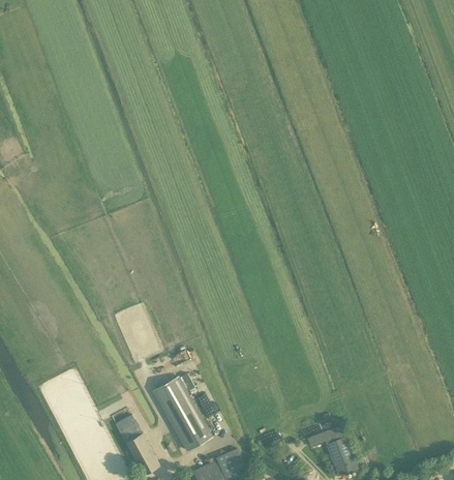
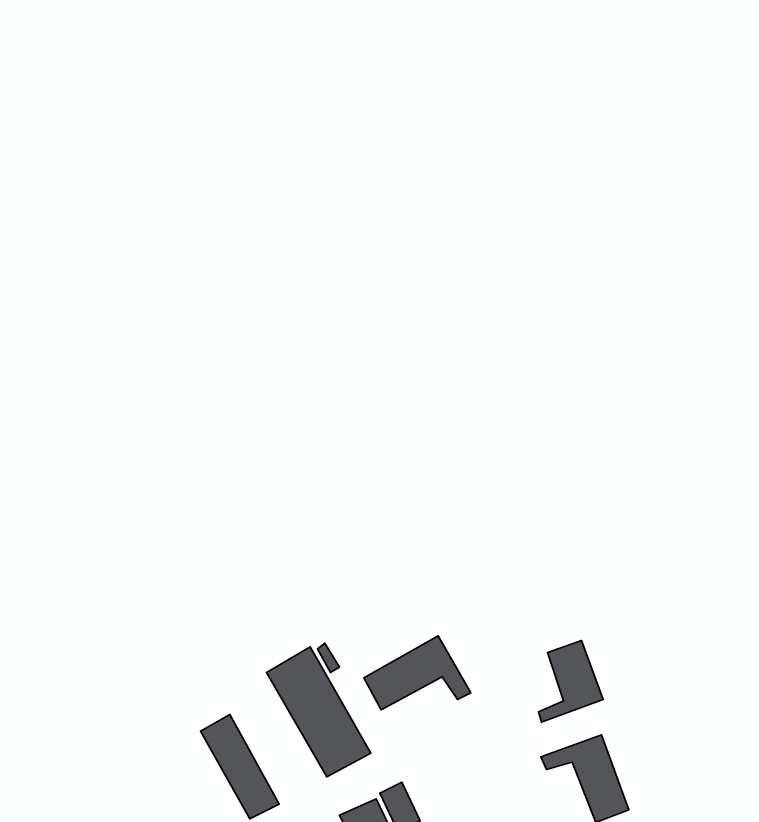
building: none -> [364,636,471,710]
building: none -> [538,641,603,722]

